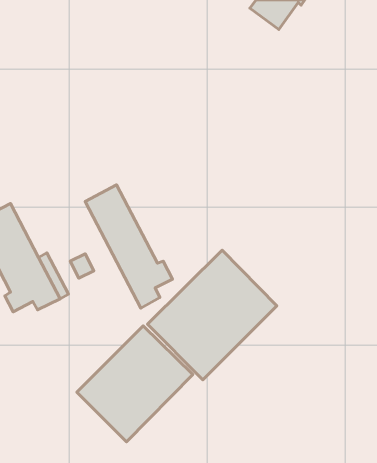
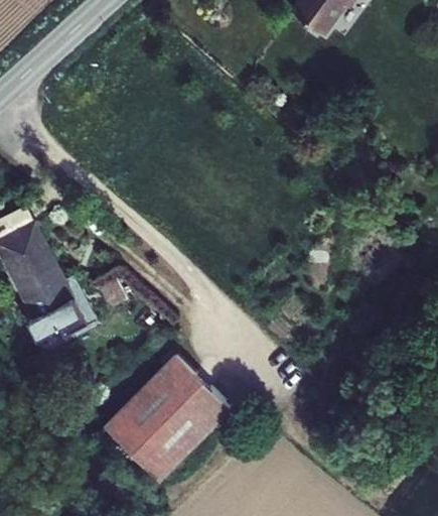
building: [85,185,172,308] -> none
building: [147,250,277,380] -> none

